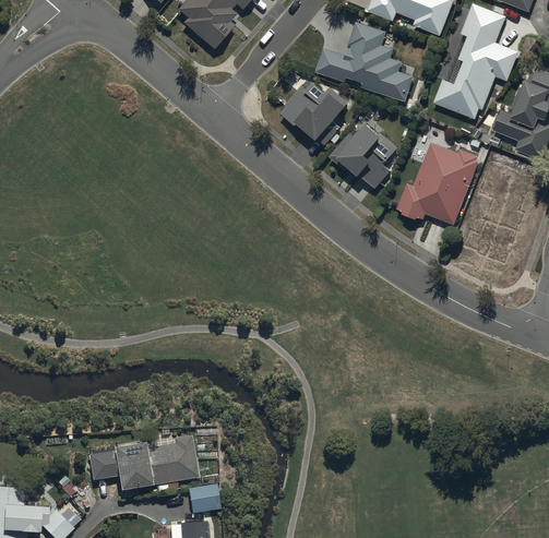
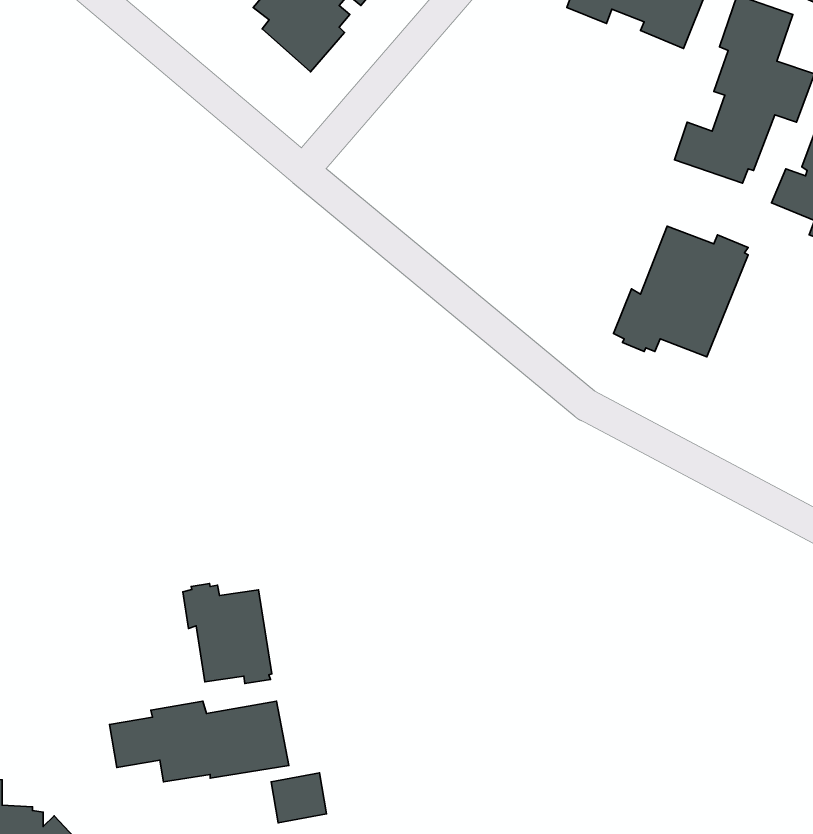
building: [314,22,413,101] -> none
building: [279,82,349,144] -> none
building: [329,127,397,189] -> none
building: none -> [183,583,272,684]

